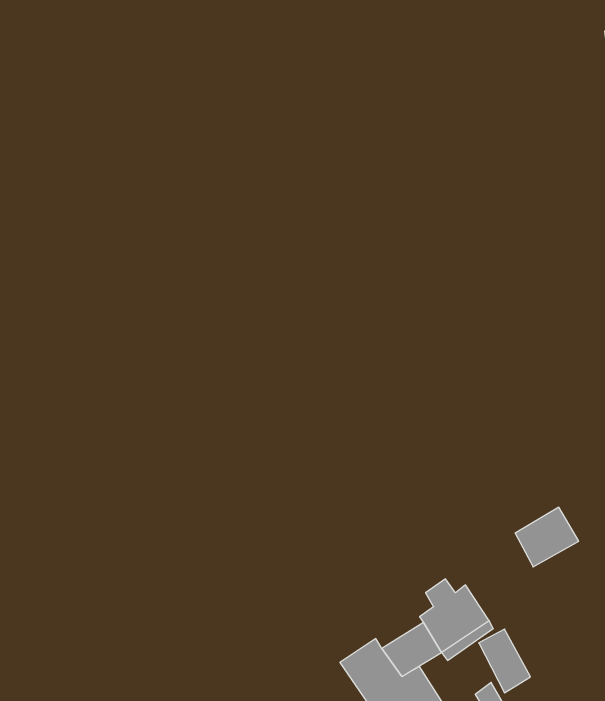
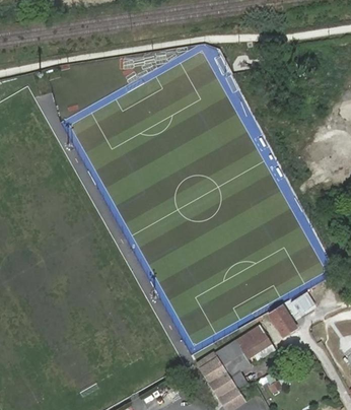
building: [479,629,530,693] -> [270,302,296,335]

